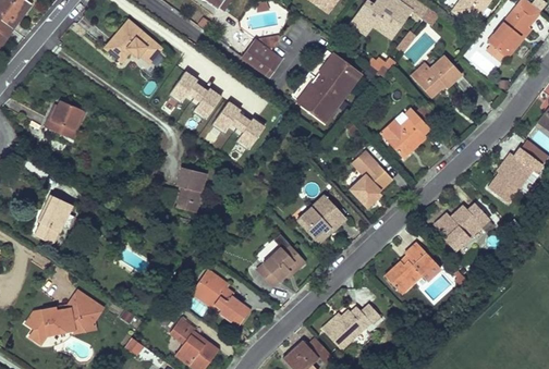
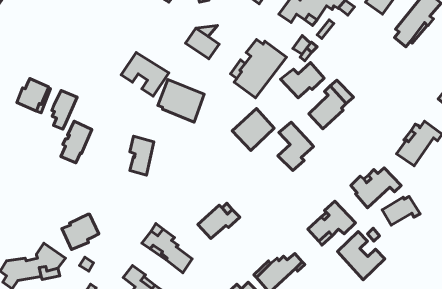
building: [105,21,161,62] -> none
building: [410,56,461,97] -> [280,63,324,98]
building: none -> [52,90,77,129]
building: [35,194,71,243] -> [61,121,92,163]
building: [296,195,345,244] -> [232,109,274,150]
building: none -> [382,196,420,225]
building: none -> [62,214,99,249]
building: none -> [337,232,385,280]

